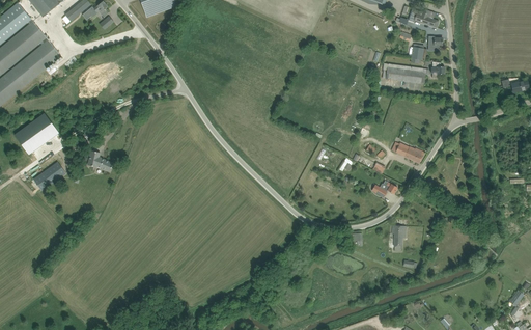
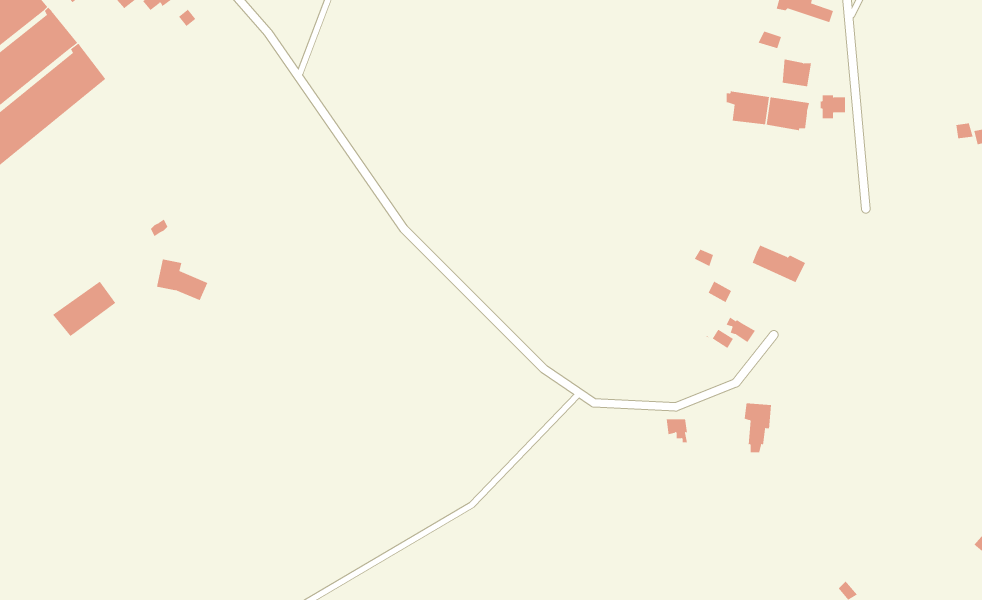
building: [15,112,58,154] -> none

